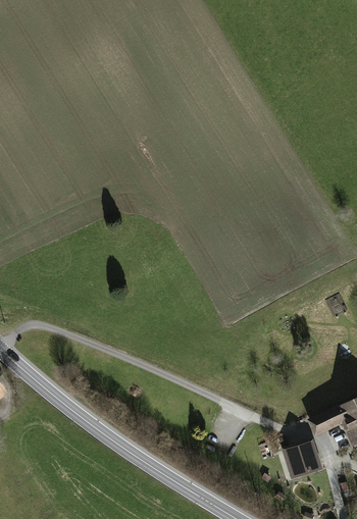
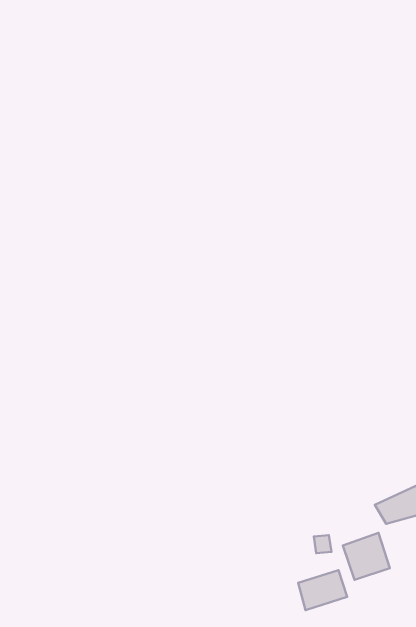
building: none -> [298,570,347,610]

